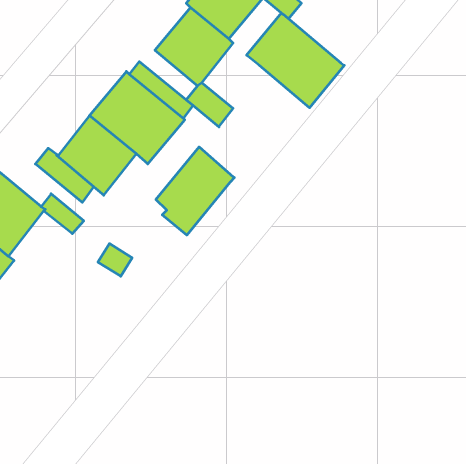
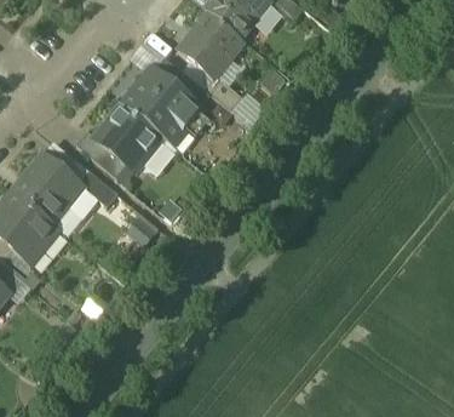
building: [247,13,344,108] -> none
building: [156,147,234,235] -> none

